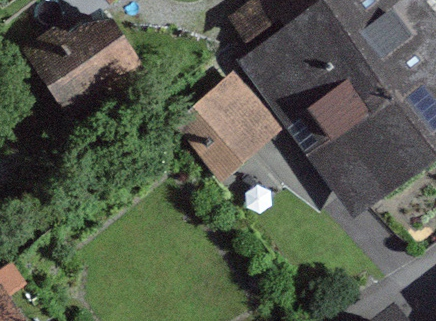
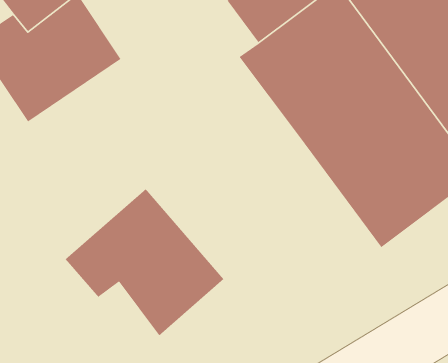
building: [171,68,285,181] -> none
building: none -> [64,188,225,337]

